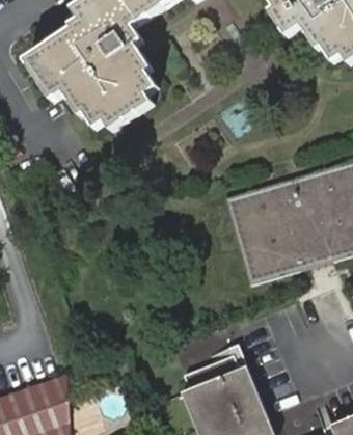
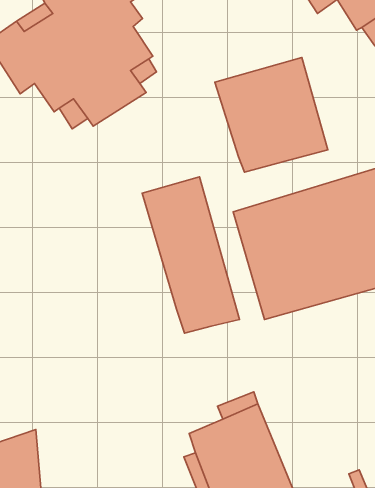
building: none -> [215,57,328,172]
building: none -> [142,177,240,333]

